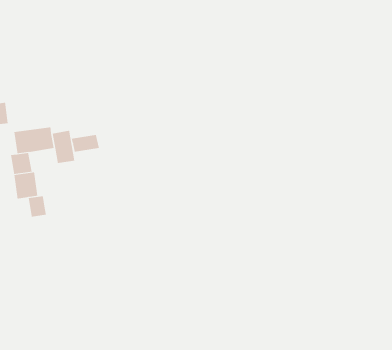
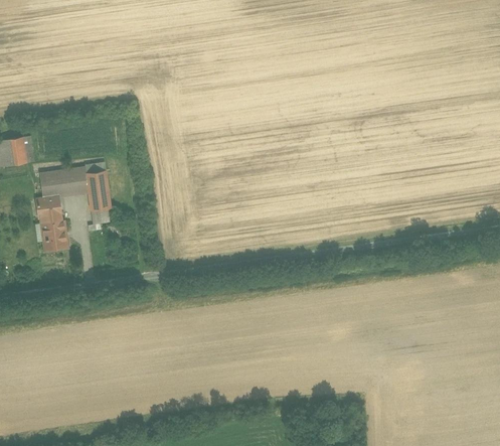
building: [71,134,100,153] -> none
building: [28,195,47,217] -> none

